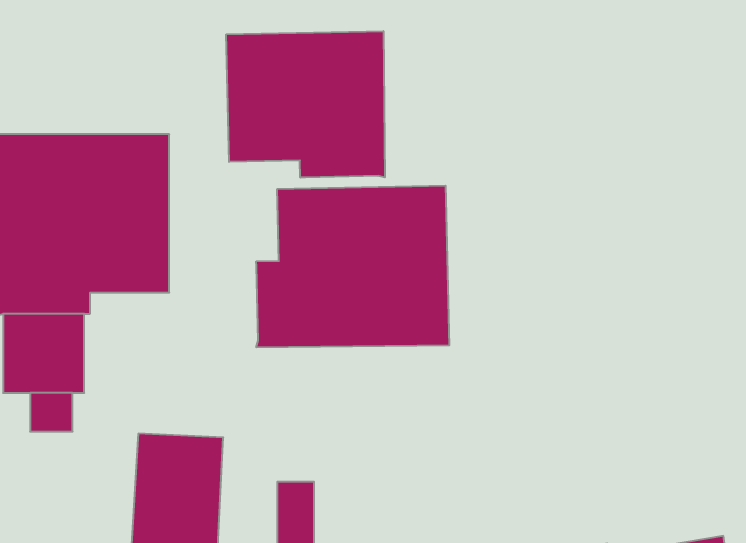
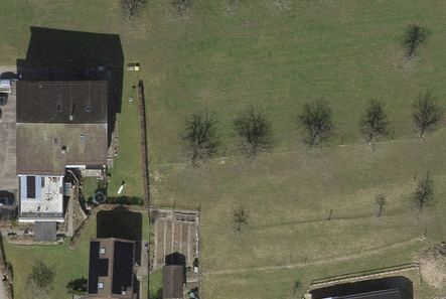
building: [226,31,385,178] -> none
building: [256,186,449,347] -> none

